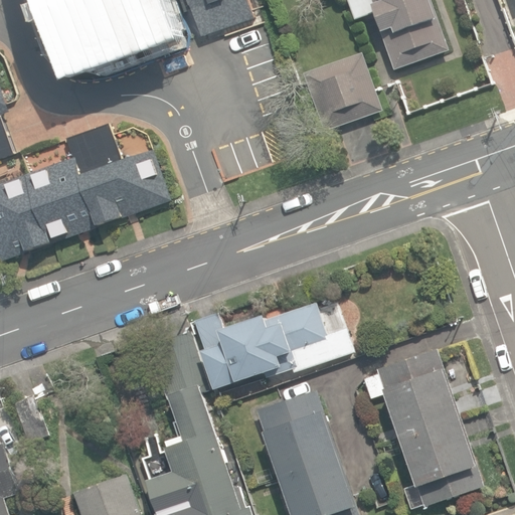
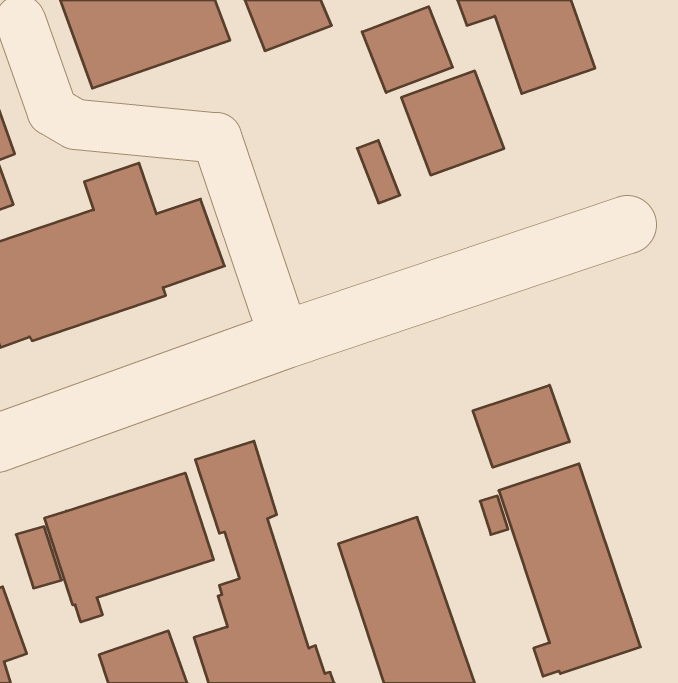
building: none -> [362,7,453,93]
building: none -> [473,385,569,467]
building: [191,303,354,389] -> none
building: none -> [45,473,213,622]

